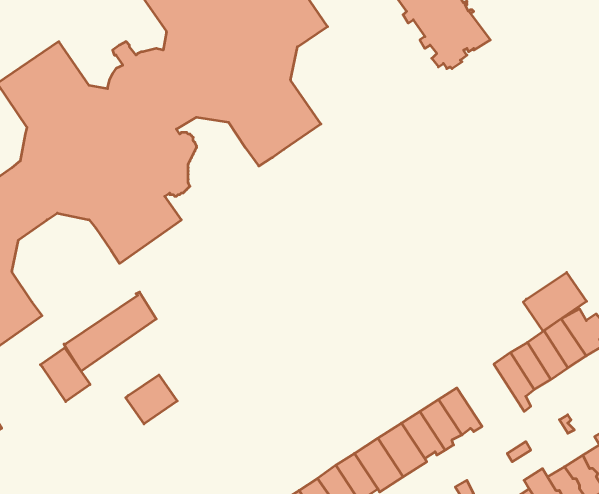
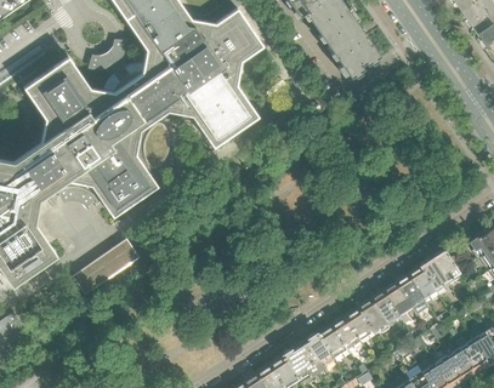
building: [523,272,587,331] -> none
building: [40,348,90,402] -> none
building: none -> [356,291,402,336]
building: [126,375,177,424] -> none

